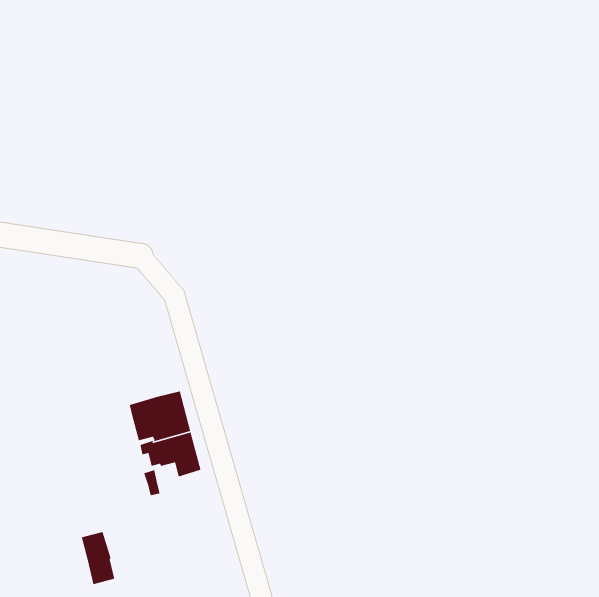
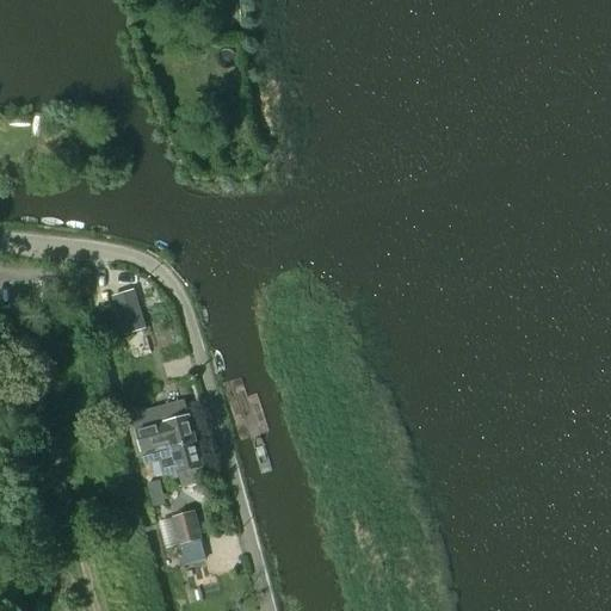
building: none -> [111,289,143,333]
building: [80,531,115,585] -> [171,508,206,563]

